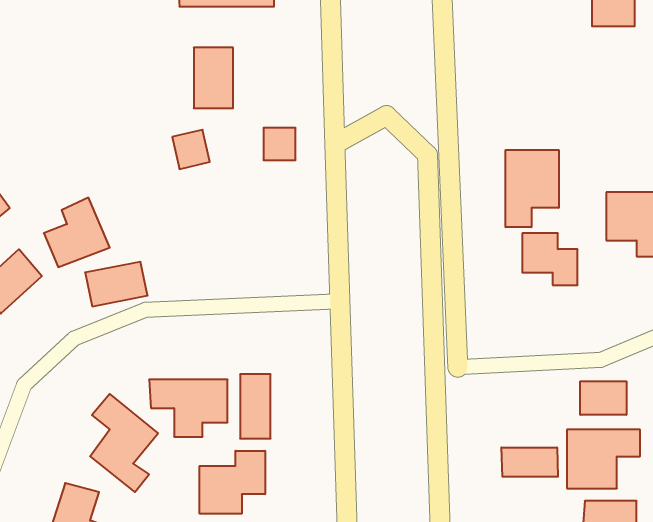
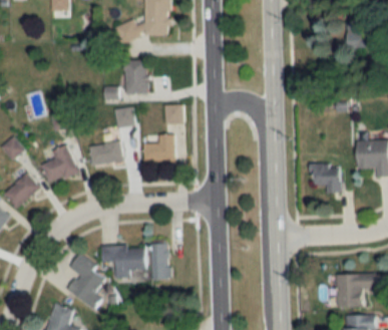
building: [506,150,559,227] -> none
building: none -> [145,134,175,161]
building: [85,262,148,306] -> [89,140,124,166]
building: [580,381,626,415] -> none
building: [501,447,558,477] -> none
building: [200,451,265,514] -> none

